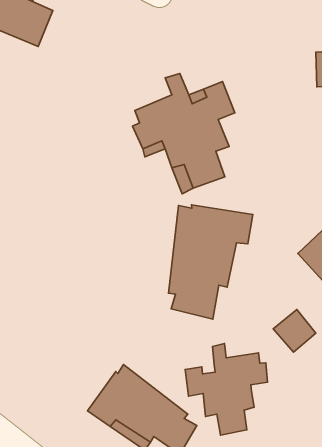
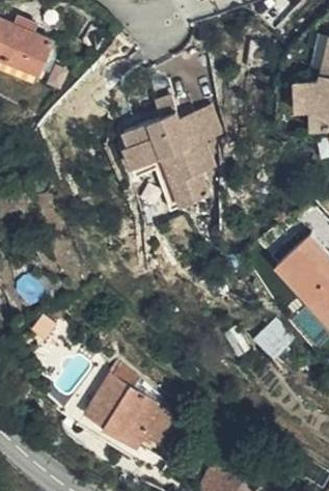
building: [168,205,253,319] -> none
building: [185,343,267,435] -> none

